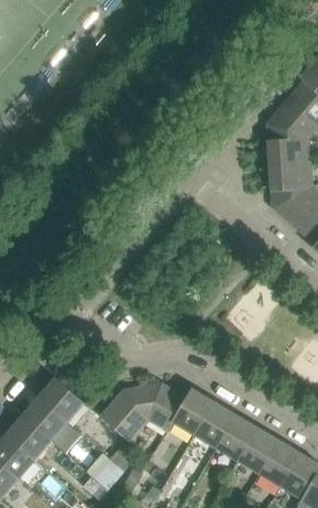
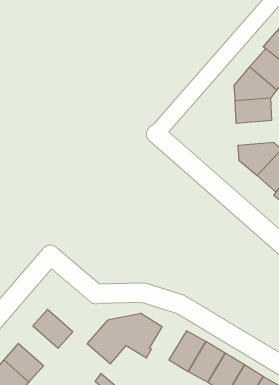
building: [268,162,311,191] -> none
building: [171,388,212,434] -> none
building: [22,396,81,452] -> none

